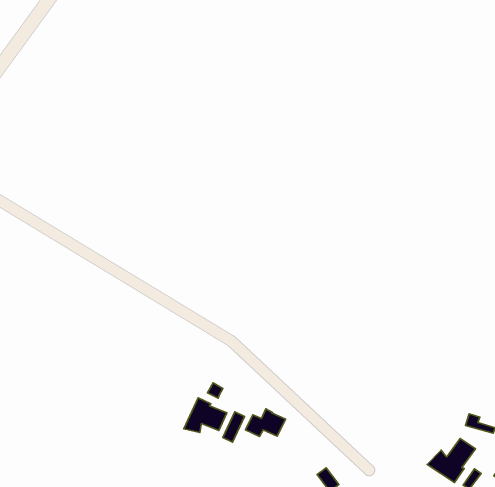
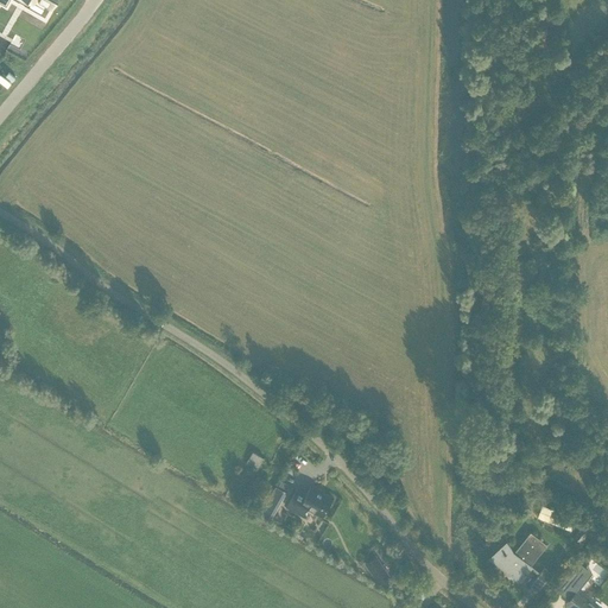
building: [184,398,227,433] -> none

